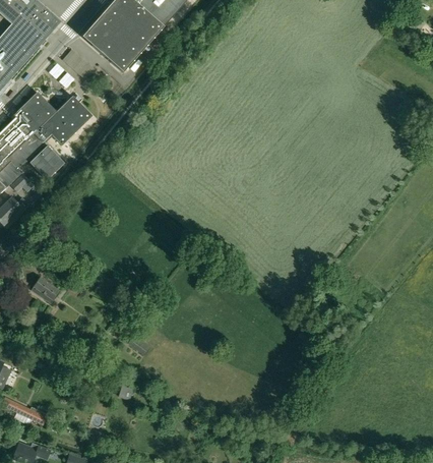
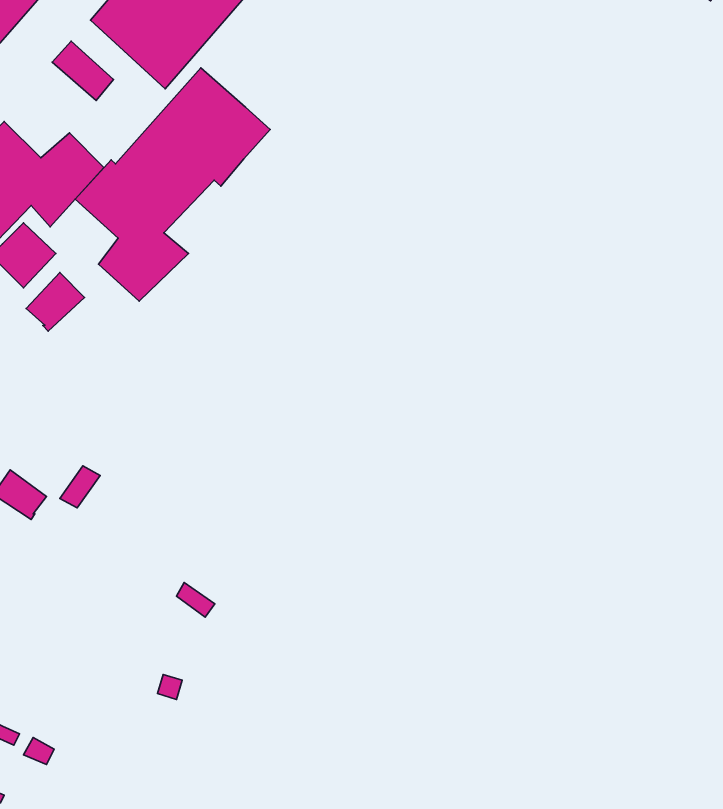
building: none -> [75,68,270,301]
building: none -> [26,273,84,331]

